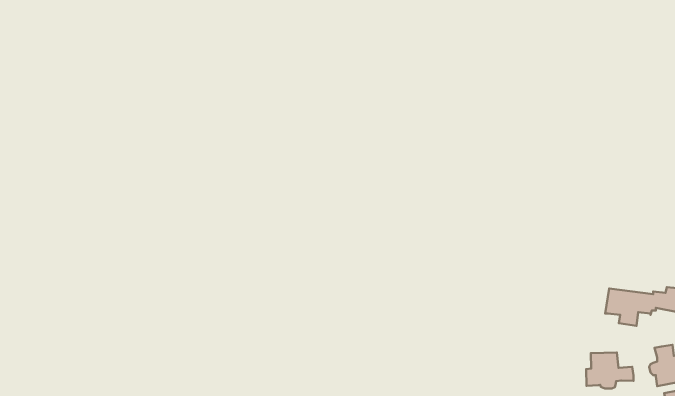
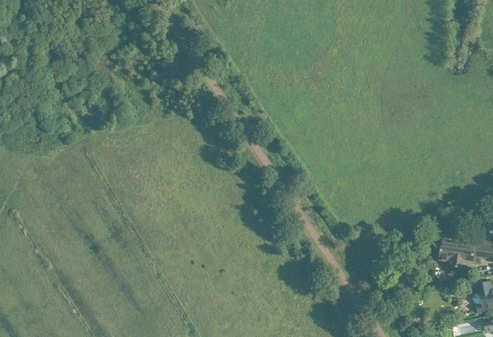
building: [586,352,633,389] -> none

